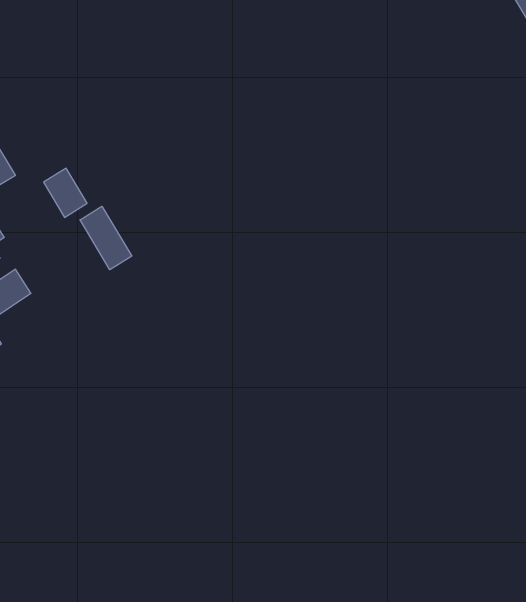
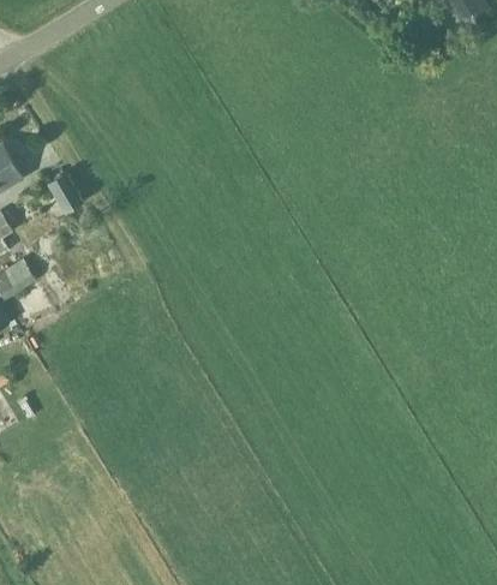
building: [80,206,132,270] -> none

